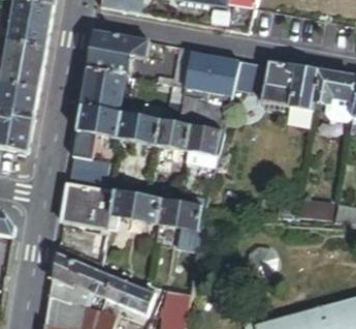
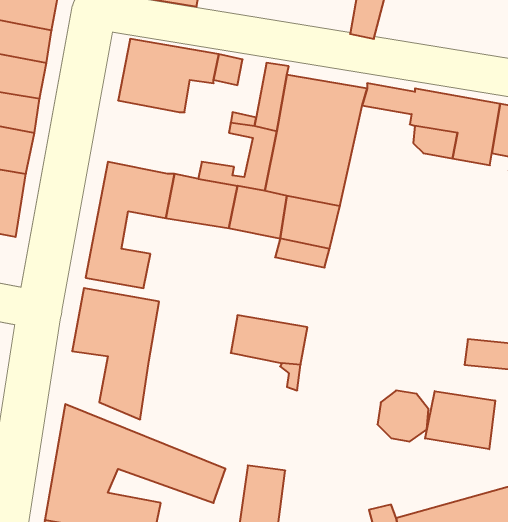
building: [83,68,126,113] -> none
building: [107,190,161,229] -> none
building: none -> [425,391,495,449]

